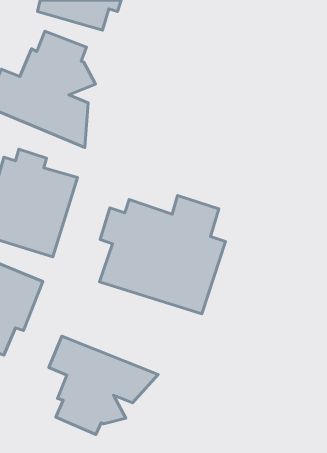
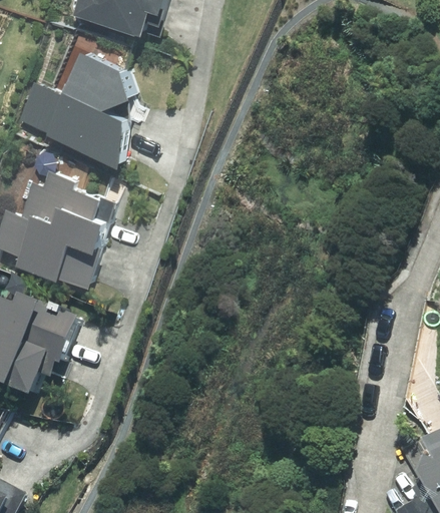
building: [100,196,226,314] -> none
building: [49,336,158,434] -> none

